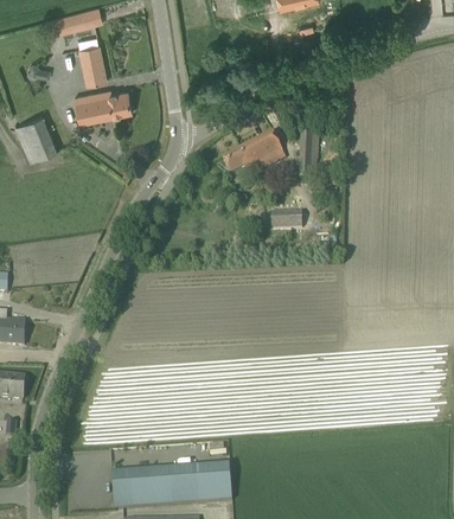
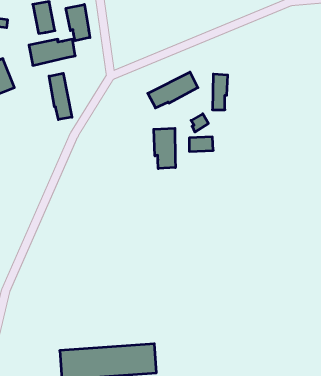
building: none -> [66,4,90,41]
building: none -> [49,73,72,120]
building: none -> [154,128,175,169]

